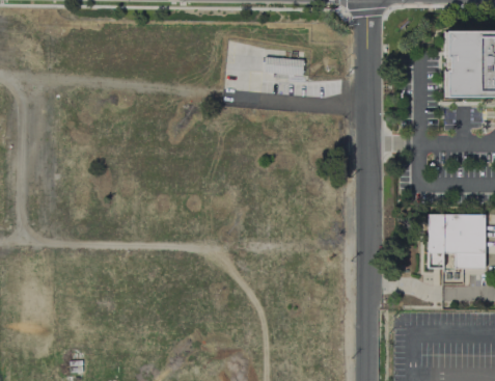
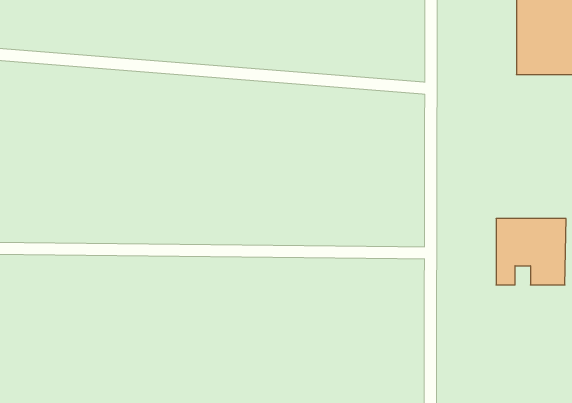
building: [265,57,305,76] -> none

